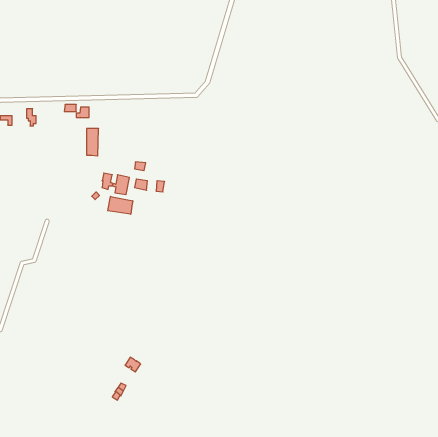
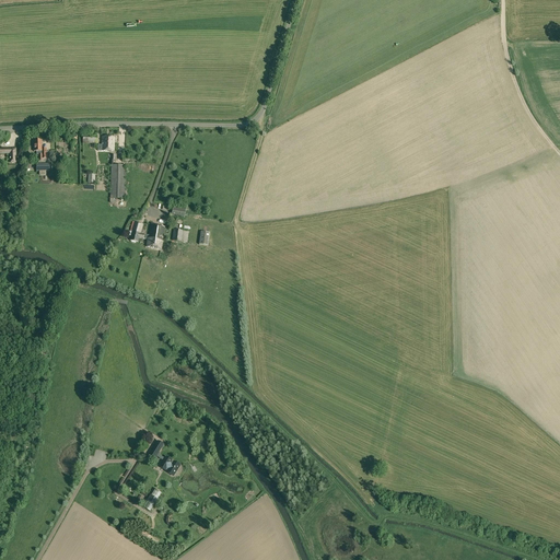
building: [108,196,133,214] -> none

